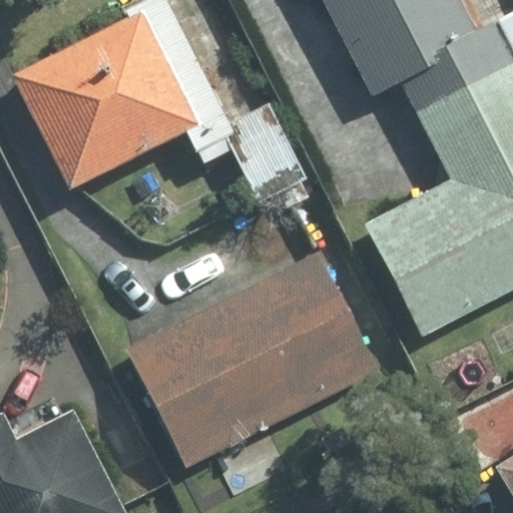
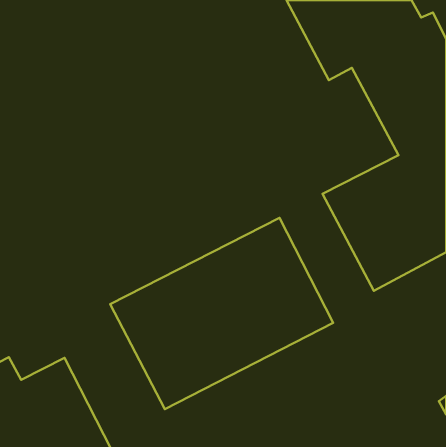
building: [15,10,198,184] -> none

